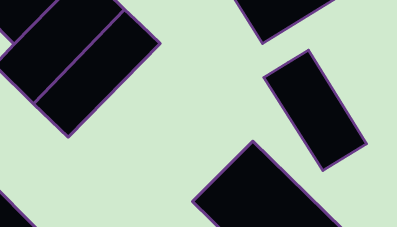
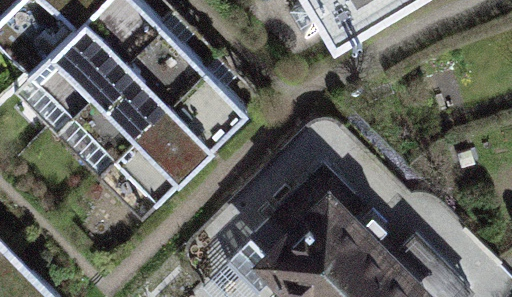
building: none -> [91,61,248,219]
building: [264,50,366,171] -> none

